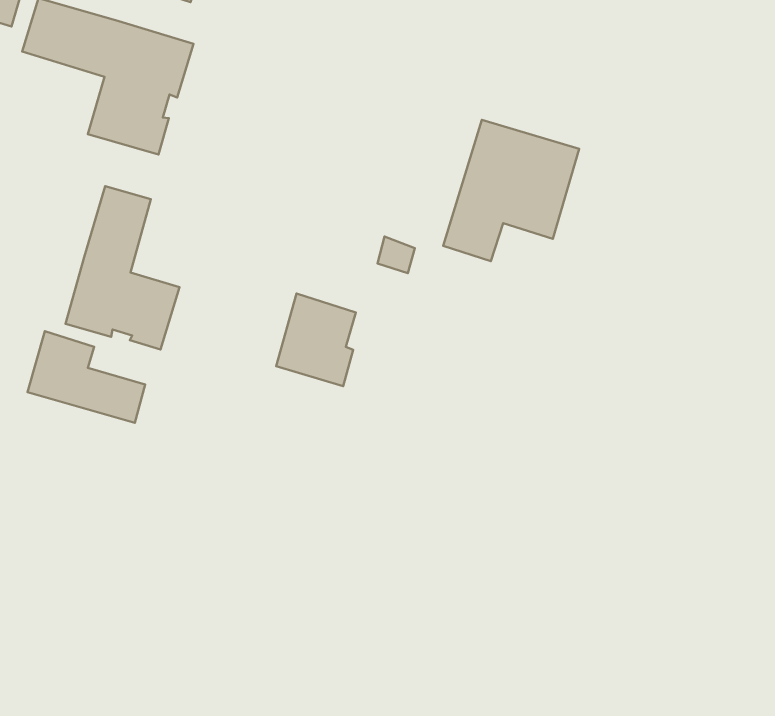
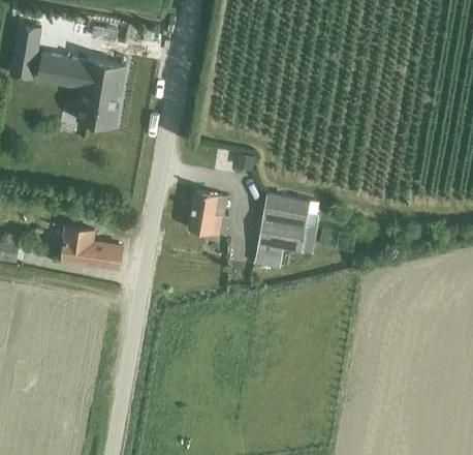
building: [443,120,579,261] -> [253,194,318,268]
building: [65,186,179,350] -> none

